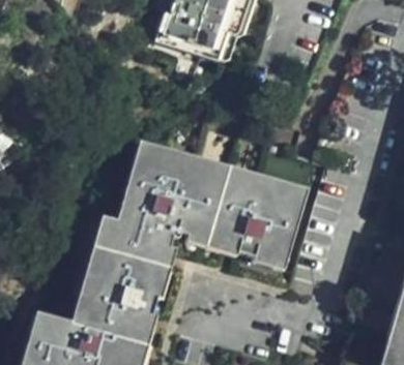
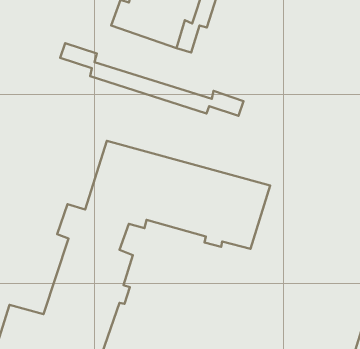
building: none -> [60,43,244,116]

